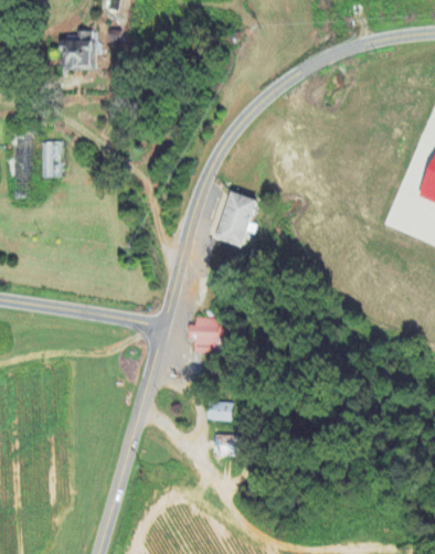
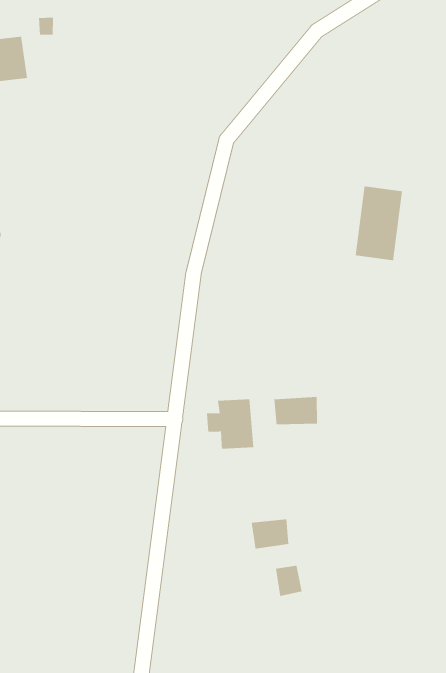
building: [214,190,254,245] -> [355,186,403,261]
building: none -> [274,396,318,425]

